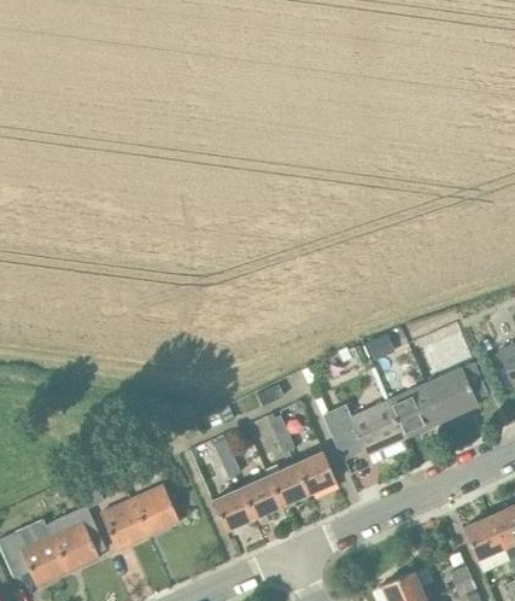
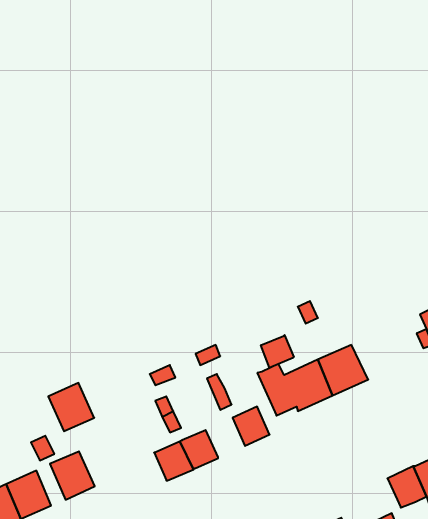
building: [425,367,480,421] -> none
building: none -> [261,335,294,368]
building: [268,462,310,506] -> none
building: [131,484,181,536] -> [48,383,94,431]

